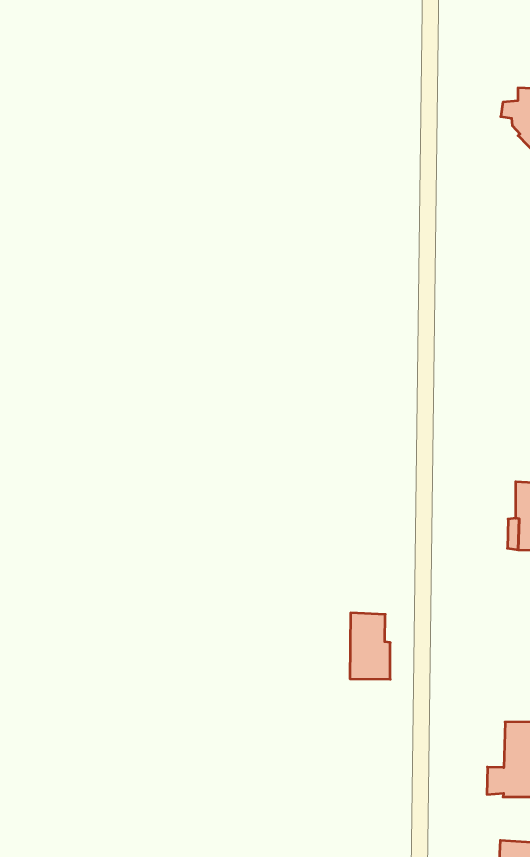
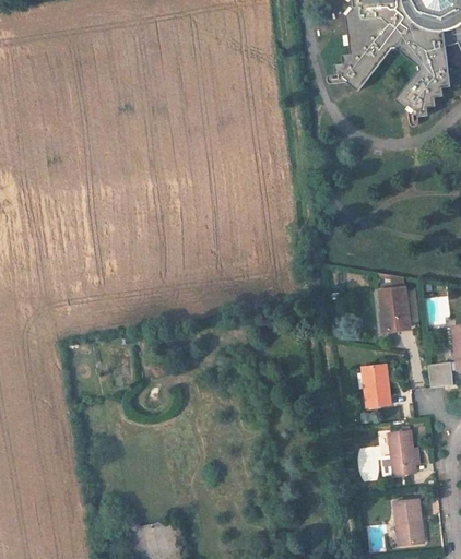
building: [350,613,390,679] -> [363,365,392,406]

